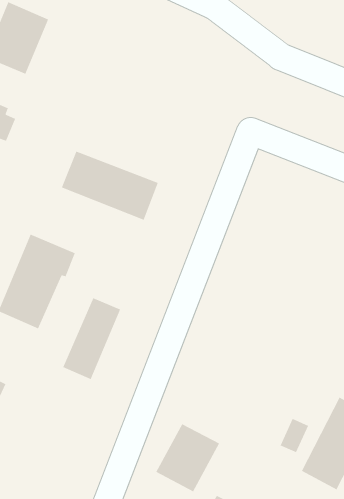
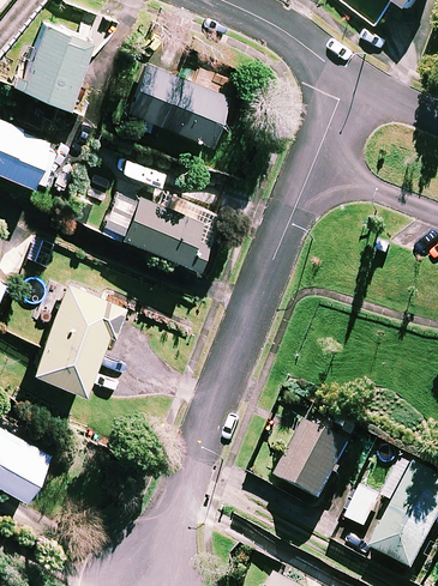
building: none -> [121,62,223,143]
building: [62,297,121,380] -> none
building: [155,423,220,492] -> [276,423,349,501]

